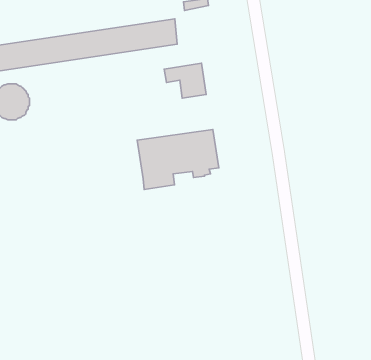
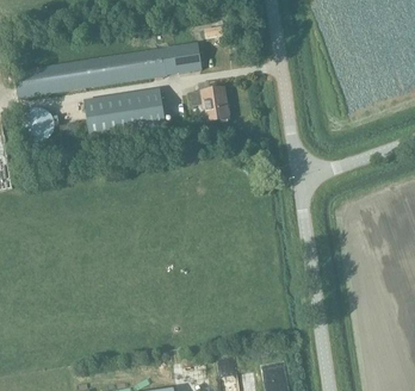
building: [137,129,219,190] -> [85,88,166,148]

